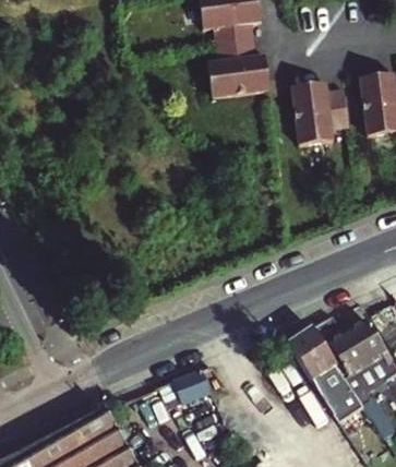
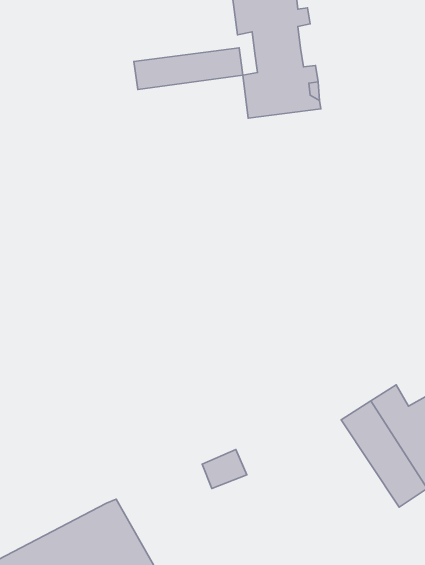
building: none -> [134,48,243,90]
building: [291,85,350,148] -> none

